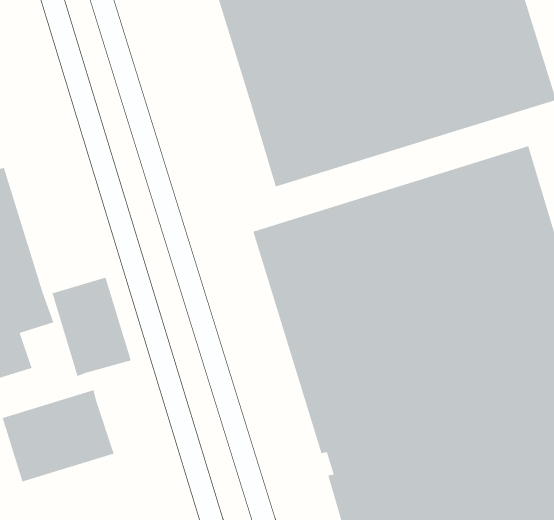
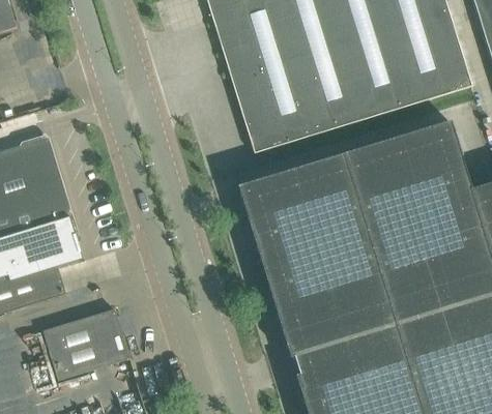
building: [52,277,132,377] -> none

